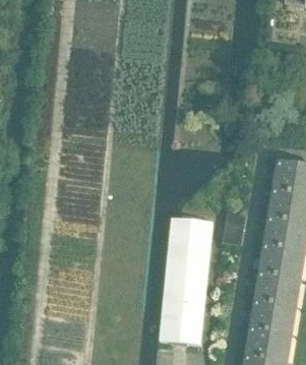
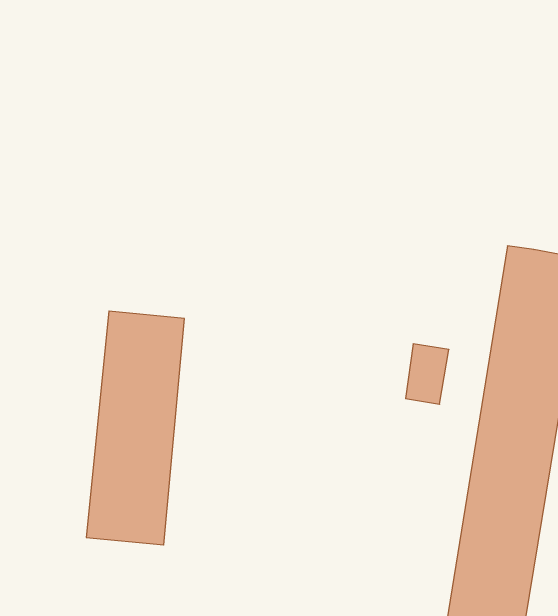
building: [159,217,211,343] -> [86,311,184,545]

